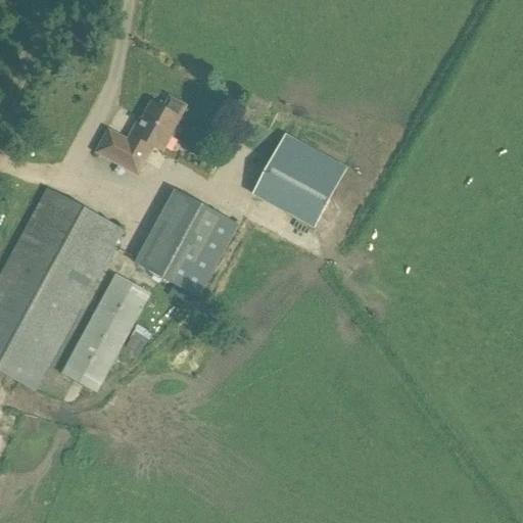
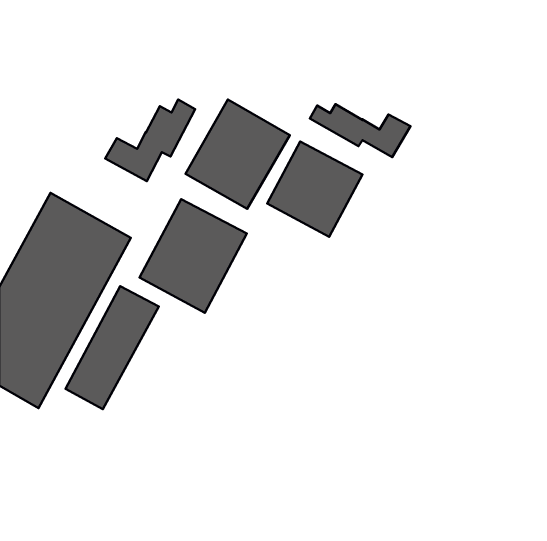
building: none -> [186,100,290,209]
building: none -> [310,104,410,157]

